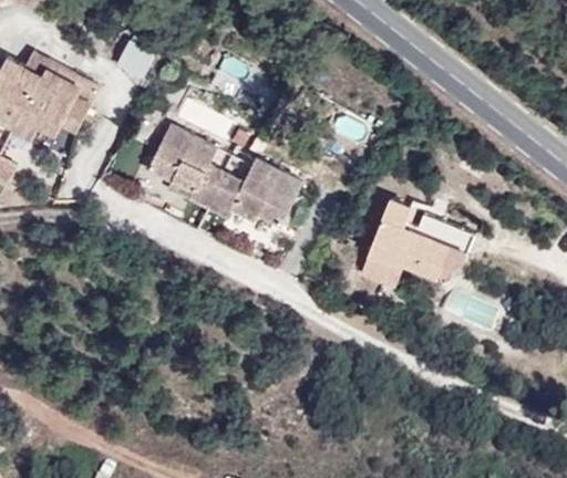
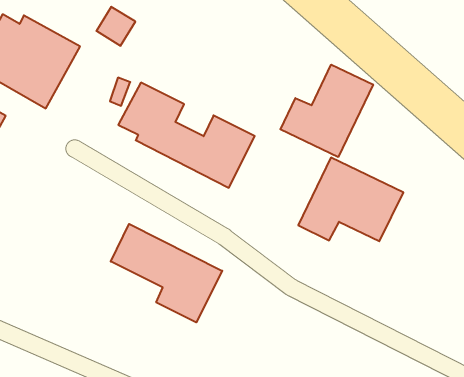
building: none -> [280,65,373,157]
building: none -> [111,224,222,322]

